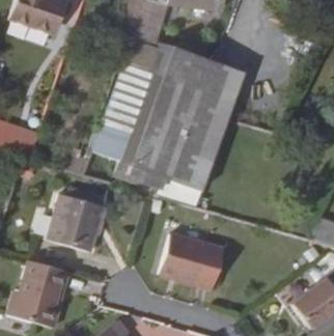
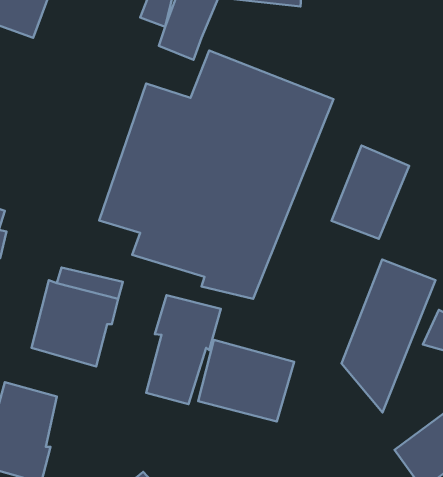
building: none -> [331,146,409,239]
building: none -> [341,260,436,413]
building: none -> [146,295,221,404]

